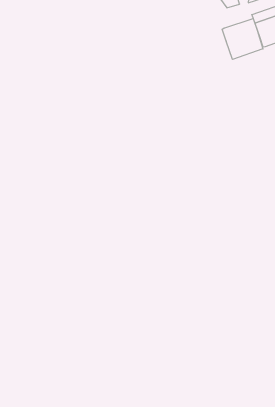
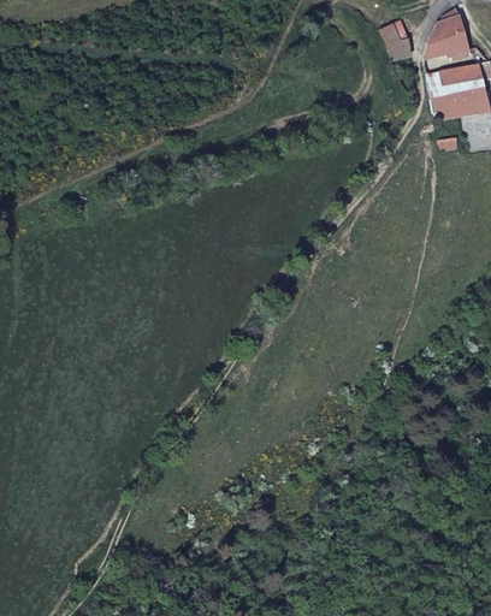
building: [222,18,263,59] -> none

